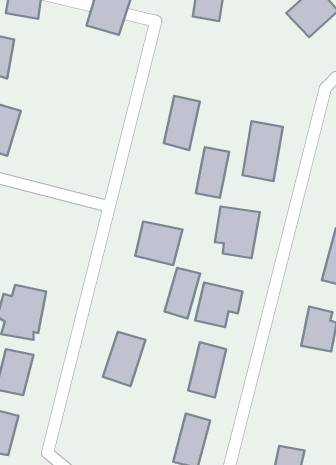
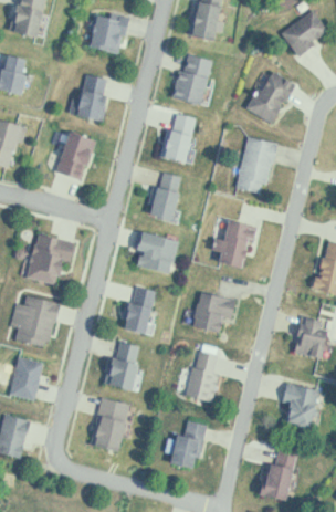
building: none -> [174,53,213,105]
building: none -> [246,69,295,124]
building: none -> [82,77,107,119]
building: none -> [56,130,96,180]
building: [196,147,229,198] -> [151,173,183,221]
building: none -> [28,233,74,286]
building: [164,268,200,318] -> [124,286,158,335]
building: none -> [283,385,318,428]
building: none -> [91,398,130,452]

